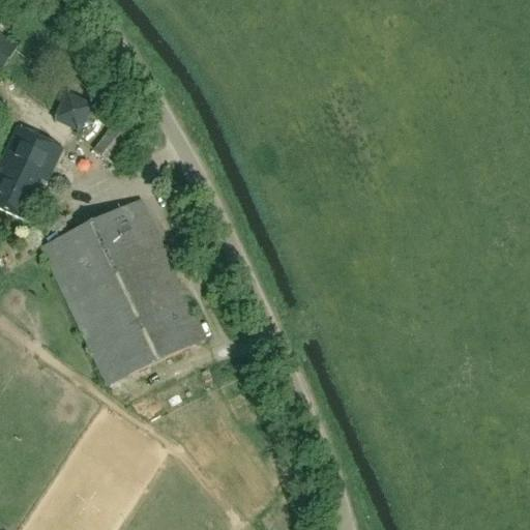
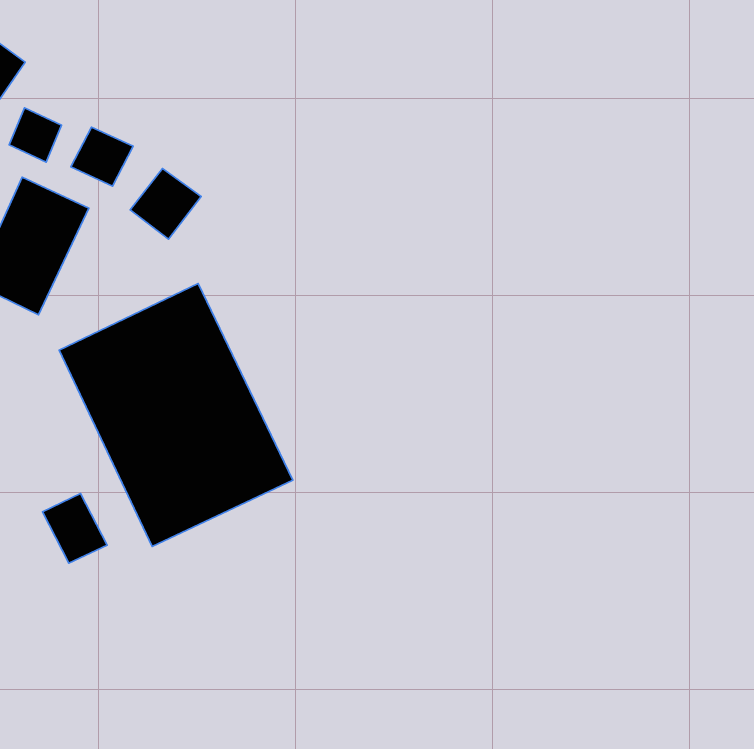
building: none -> [9,108,62,162]
building: none -> [43,494,107,563]

